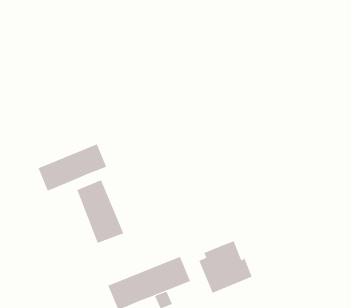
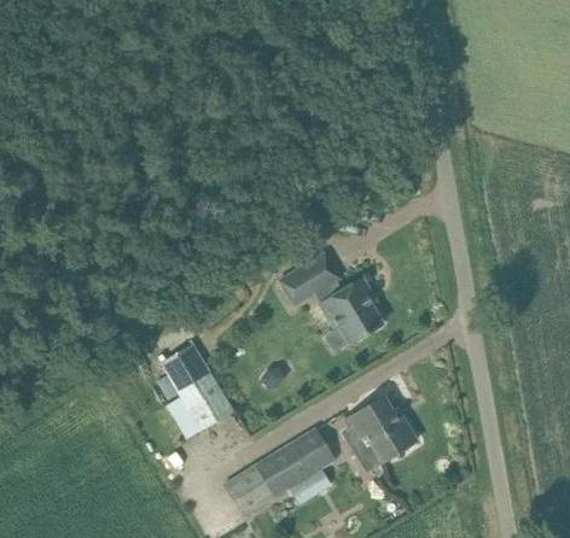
building: none -> [279,253,383,344]
building: [38,144,107,192] -> none

